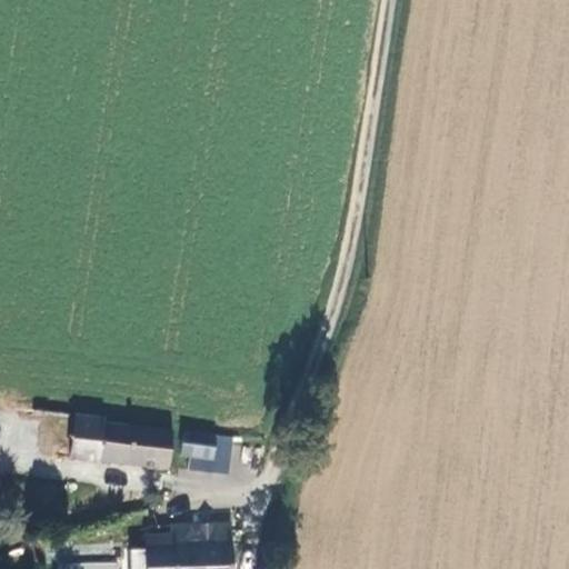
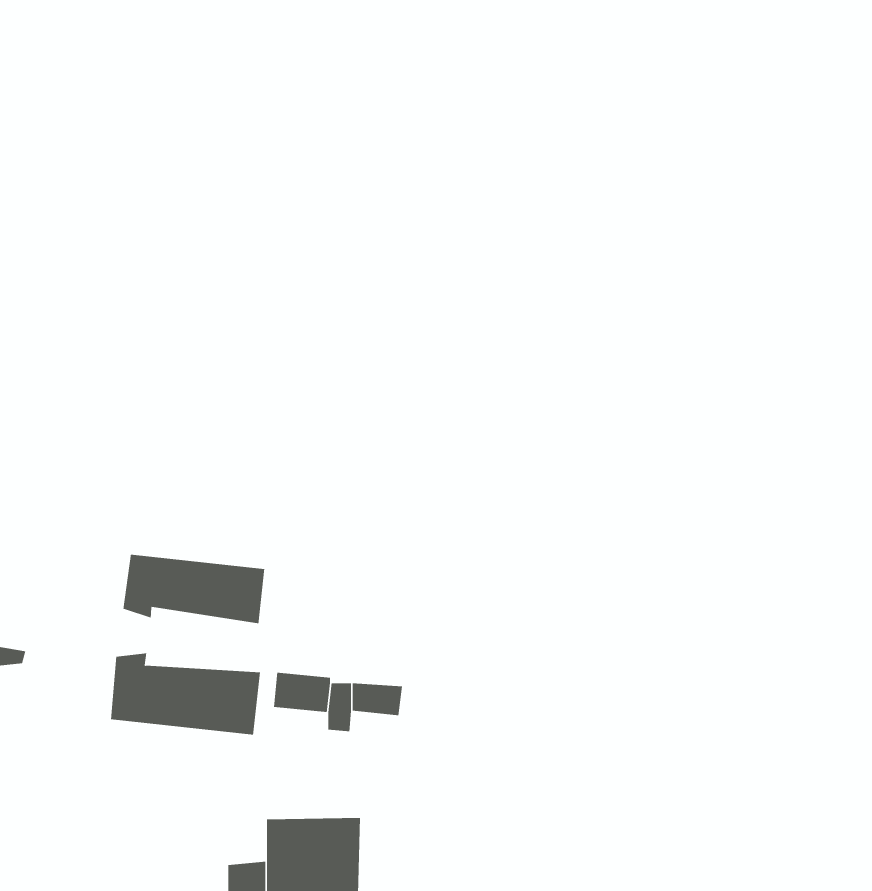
building: none -> [123,554,265,624]

